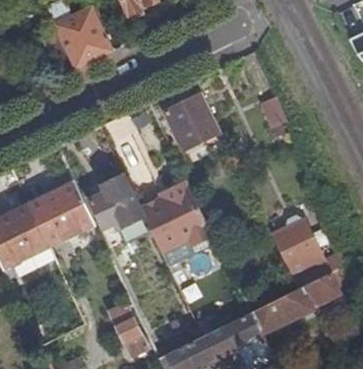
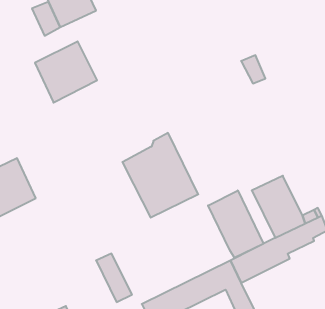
building: [165,94,223,149] -> none
building: [86,174,140,228] -> none
building: [27,182,93,246] -> [35,41,97,103]
building: none -> [208,190,264,258]

